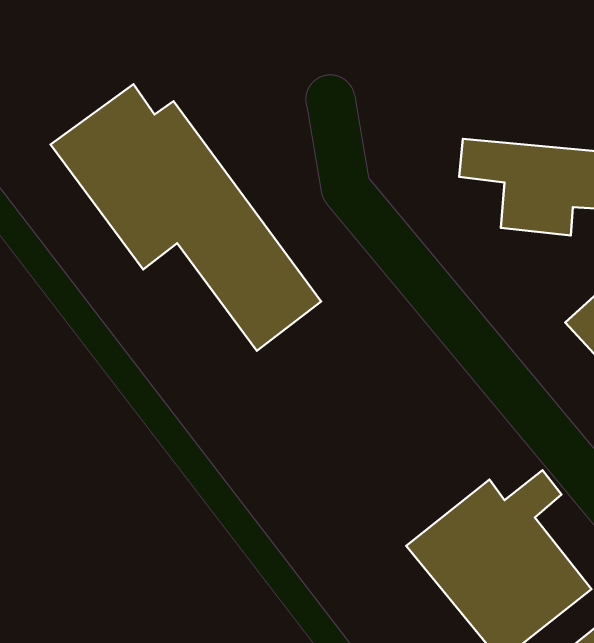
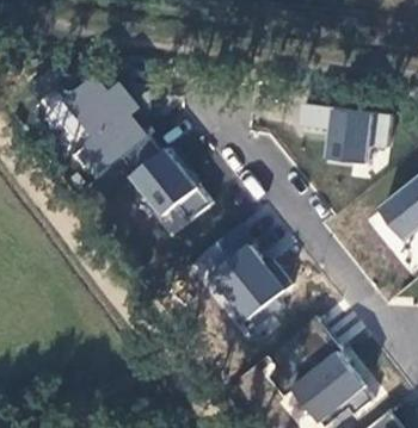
building: none -> [193,225,290,327]

